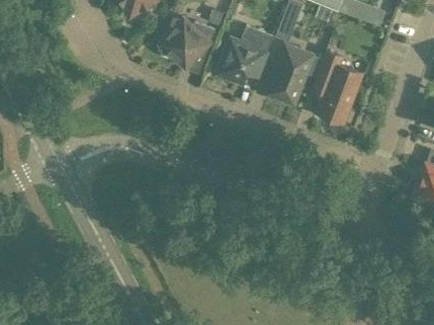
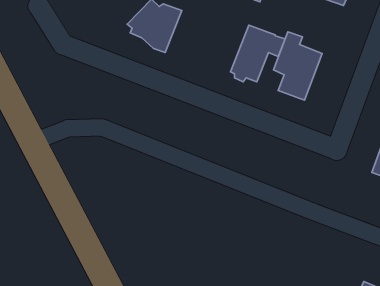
building: [216,26,273,85] -> none

